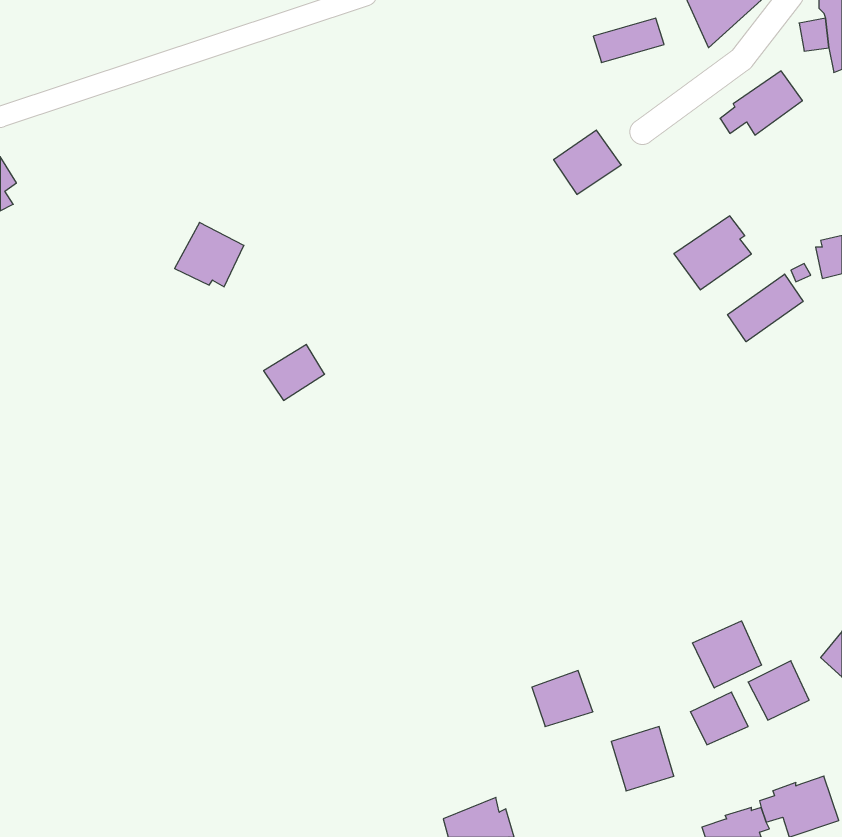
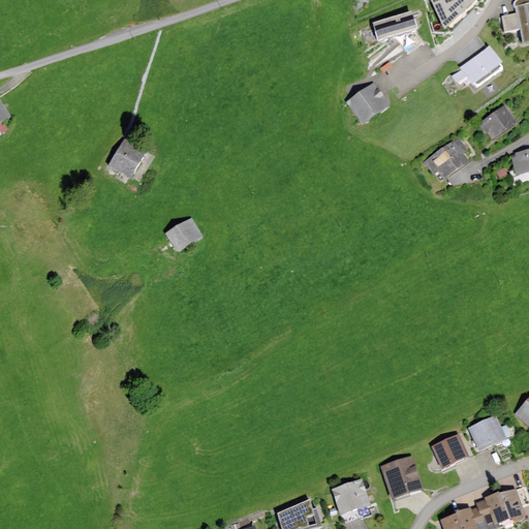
building: none -> [477,103,518,138]
building: [728,274,803,342] -> none
building: [693,621,762,688] -> none
building: [532,671,593,727] -> [333,478,371,514]

